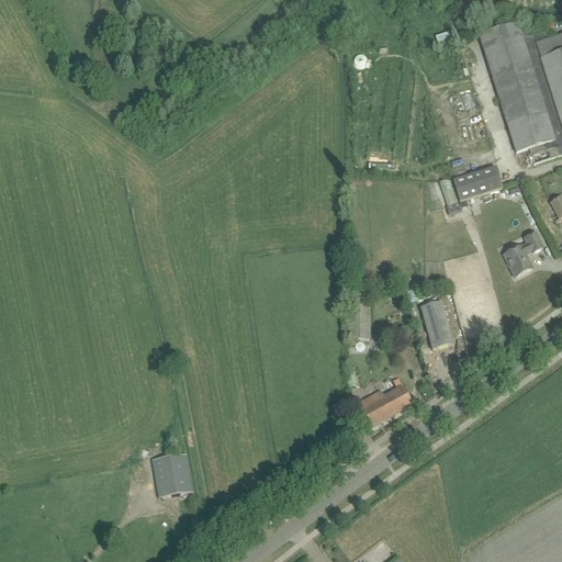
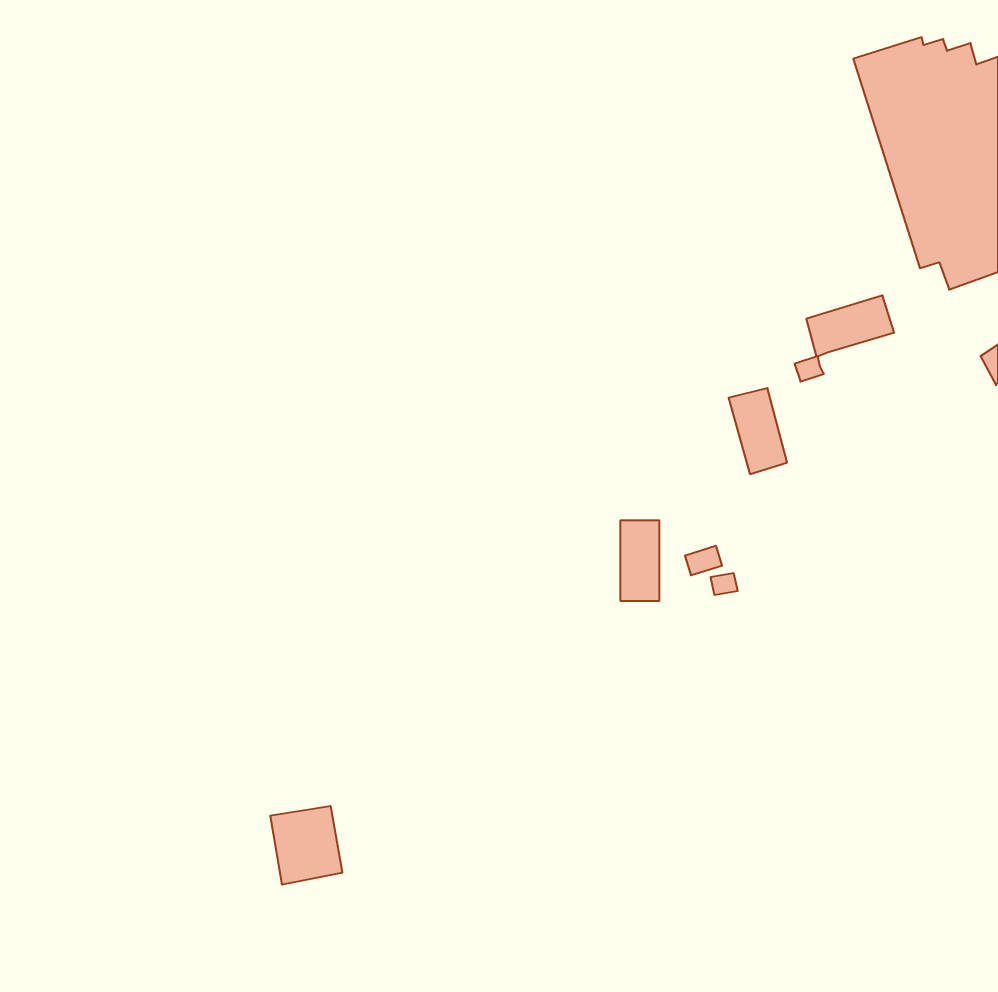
building: [503,231,542,276] -> none
building: [419,300,452,348] -> [728,388,787,474]
building: [357,384,412,427] -> none

